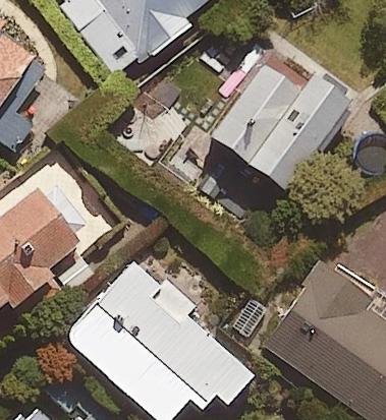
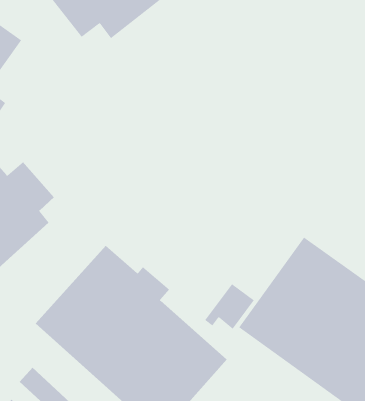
building: [208,52,350,189] -> none

